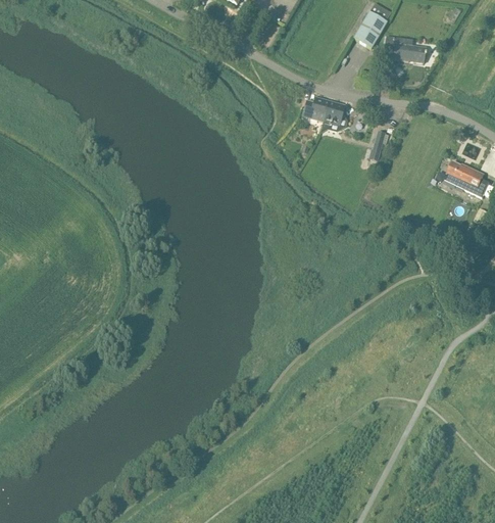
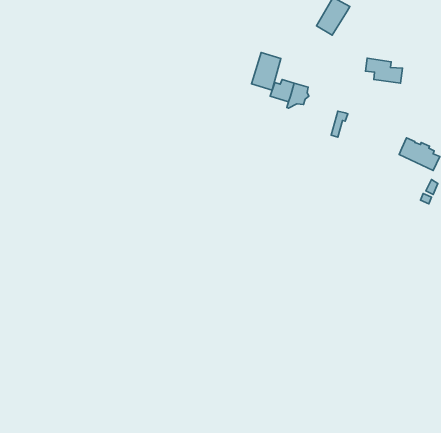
building: [385,36,426,63] -> [365,58,402,83]
building: none -> [252,53,281,90]

